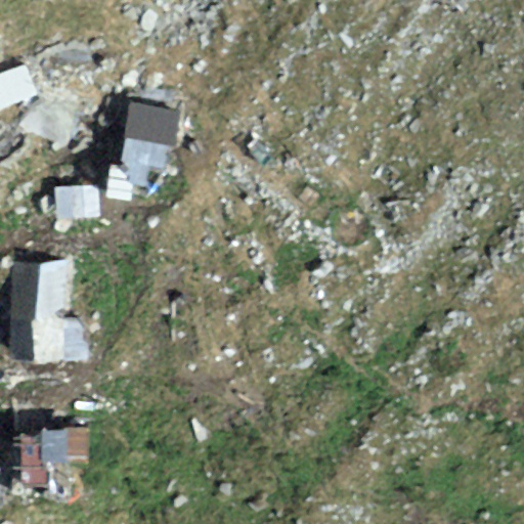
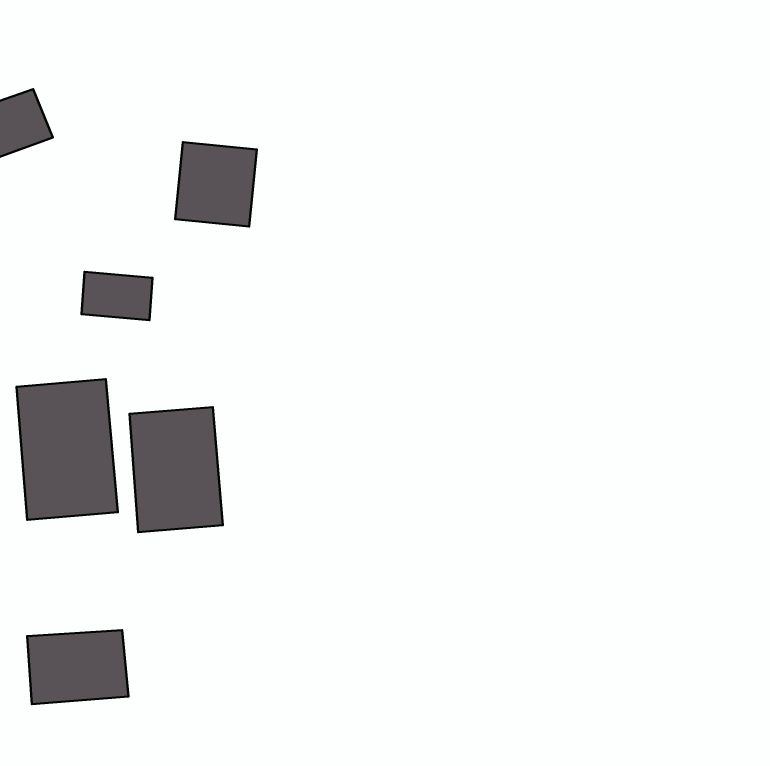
building: none -> [129,407,223,532]

